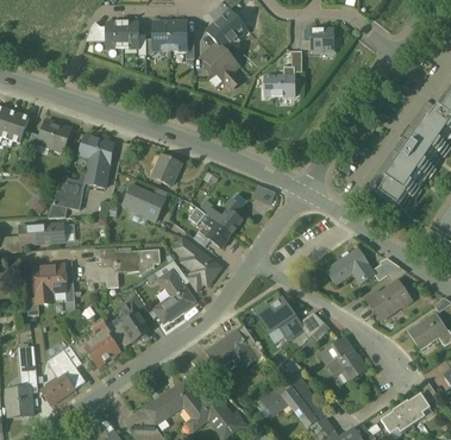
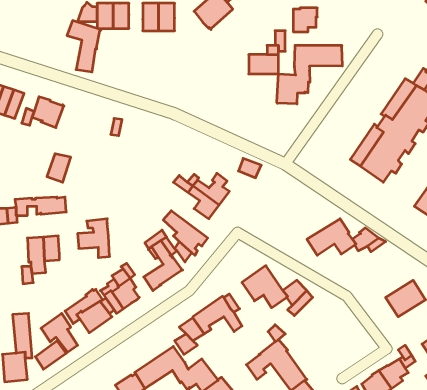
building: [201,43,242,89] -> none
building: none -> [277,45,342,104]
building: [80,134,115,188] -> [67,21,101,72]
building: [152,155,182,186] -> none
building: [121,184,167,224] -> none
building: [117,249,161,275] -> none
building: [365,281,413,320] -> none
building: [320,338,368,381] -> none

